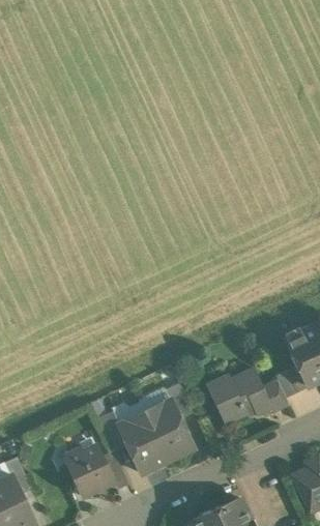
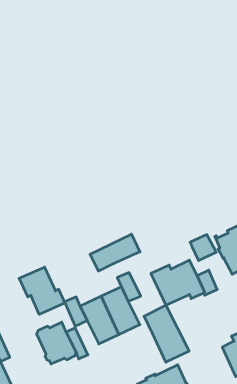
building: none -> [90,234,140,271]
building: [275,367,308,399] -> [190,235,216,261]
building: none -> [19,267,65,314]
building: none -> [144,305,189,362]

